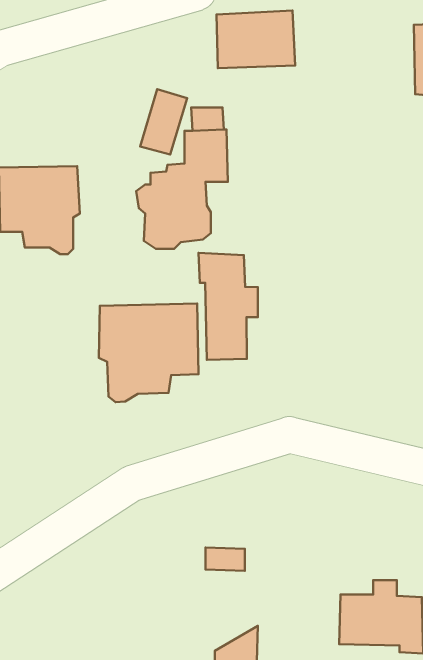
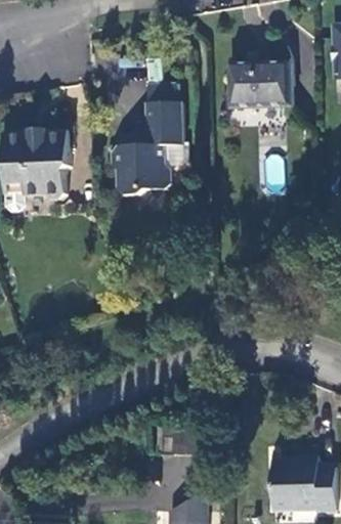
building: [216,10,295,68] -> [226,61,288,106]
building: [199,253,258,360] -> none
building: [99,304,199,402] -> none

